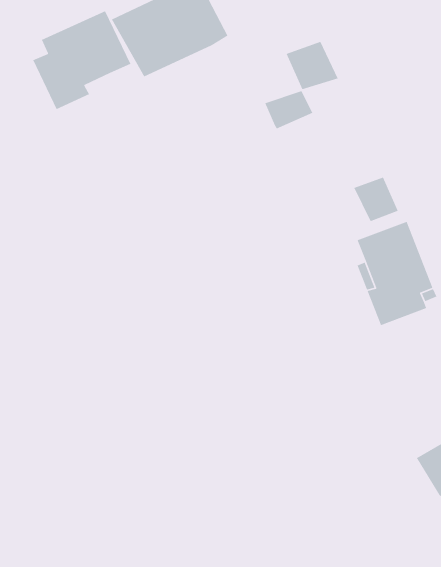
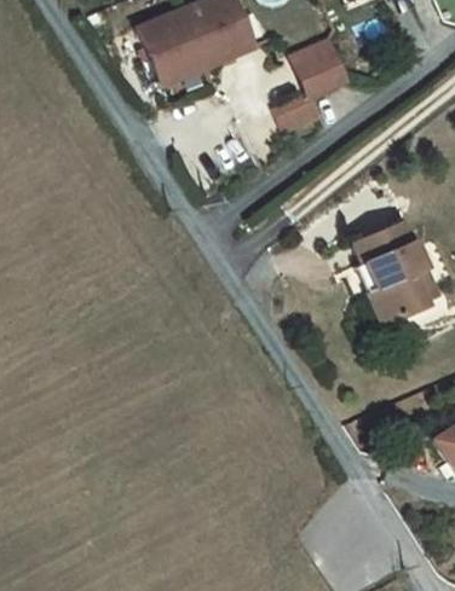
building: [32,10,131,110] -> none
building: [353,177,399,222] -> none

